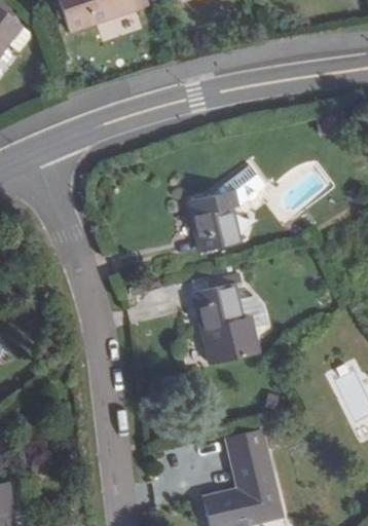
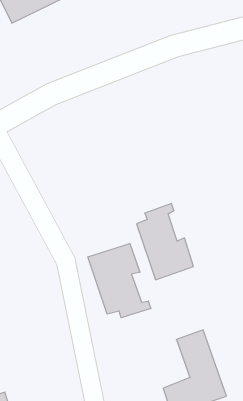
building: [189,164,266,253] -> none
building: none -> [88,243,151,318]

